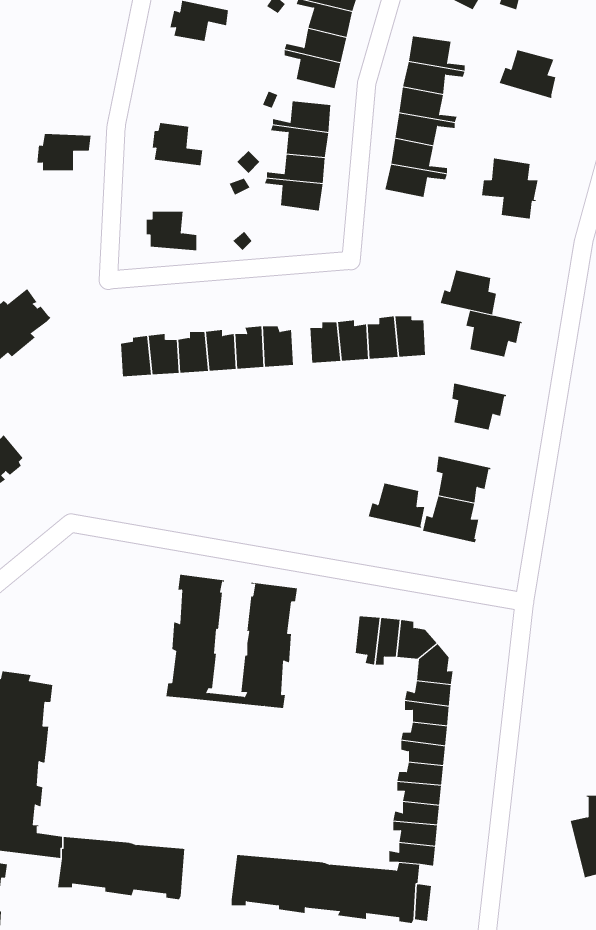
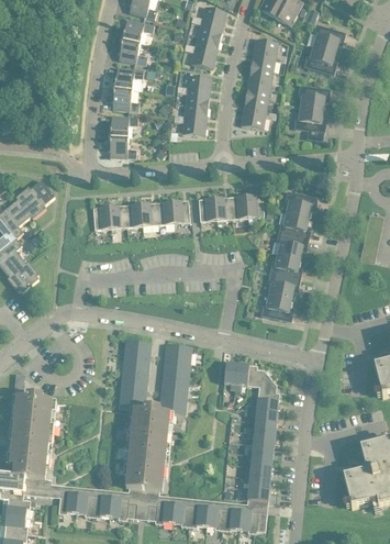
building: none -> [308,24,346,52]
building: none -> [118,38,147,65]
building: none -> [113,67,144,89]
building: none -> [299,86,331,110]
building: [36,133,92,171] -> [108,115,138,136]
building: [440,270,497,315] -> [279,213,311,238]
building: [368,483,425,528] -> [270,254,302,279]
building: none -> [124,408,174,520]

